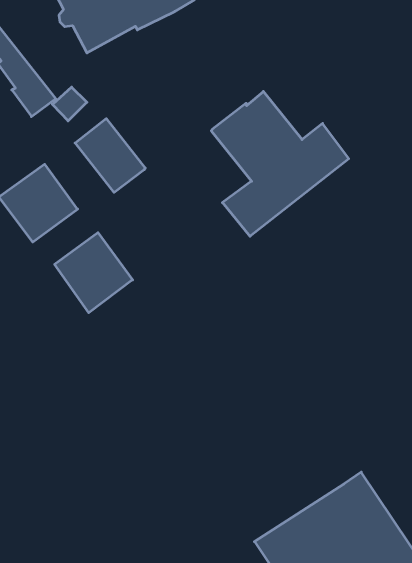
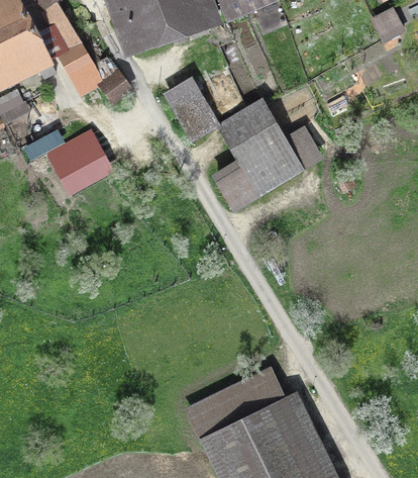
building: [75,119,145,192] -> [168,82,218,138]
building: [55,233,133,313] -> none
building: none -> [193,375,281,440]

